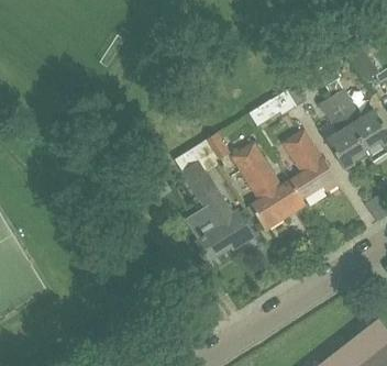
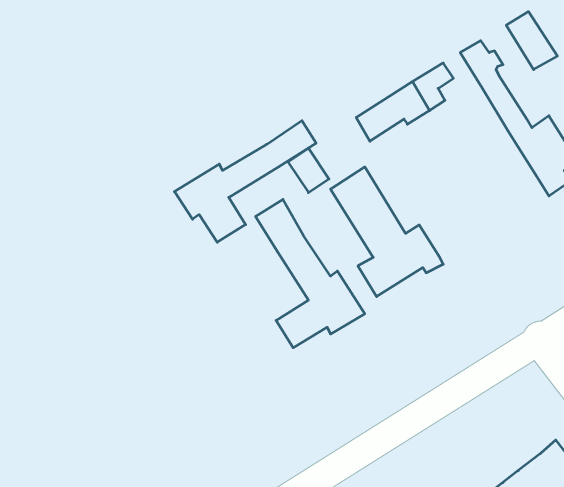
building: [317,92,365,170] -> none
building: none -> [174,121,316,242]
building: [284,130,339,201] -> none

